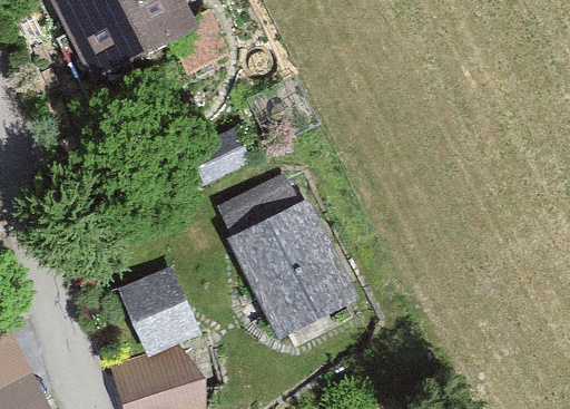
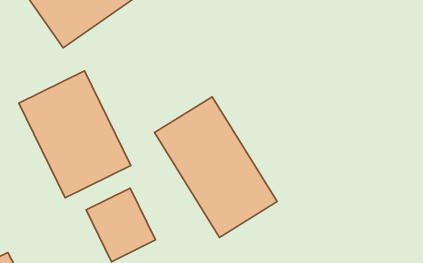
building: none -> [19,71,131,198]

